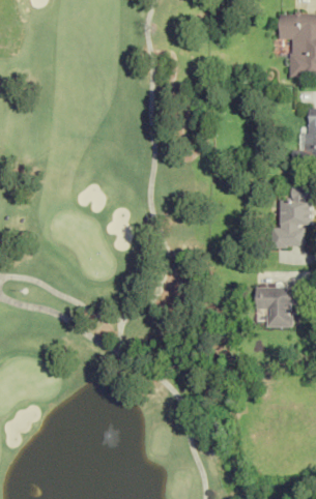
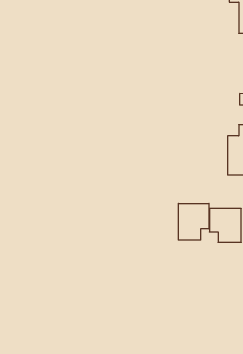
building: none -> [178,203,209,240]

